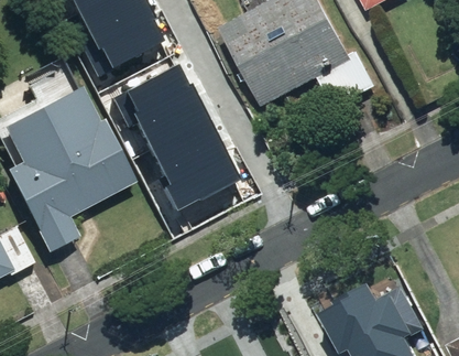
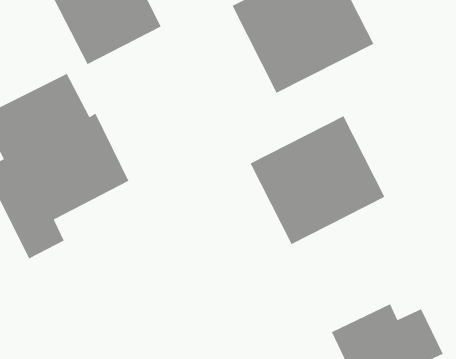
building: [109,65,232,216] -> none
building: none -> [250,115,385,245]

